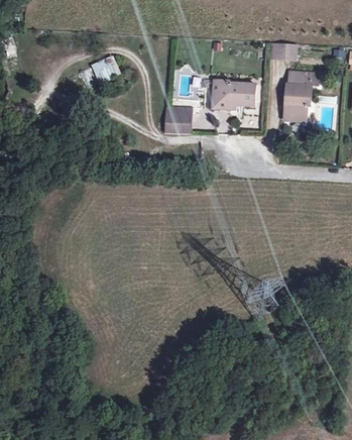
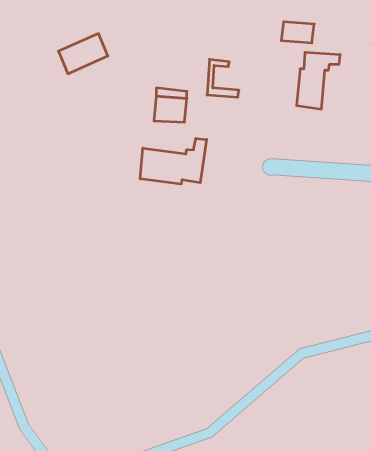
building: [213,82,255,104] -> none
building: none -> [140,138,207,184]

